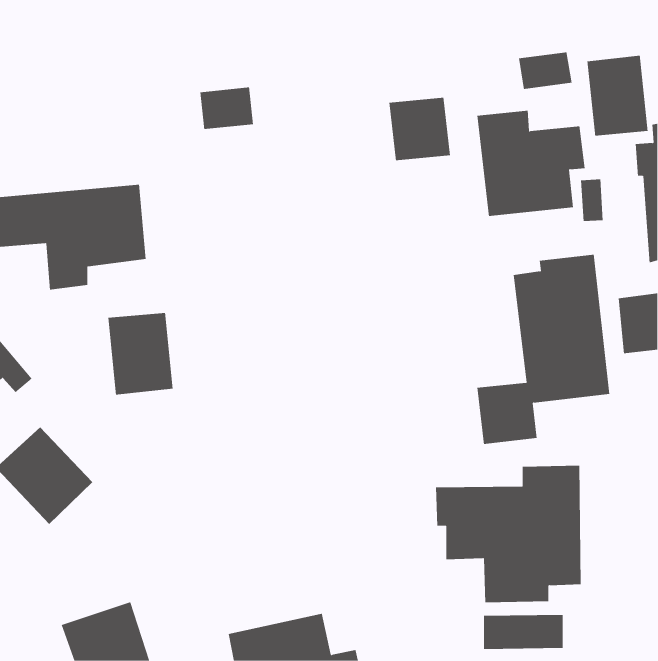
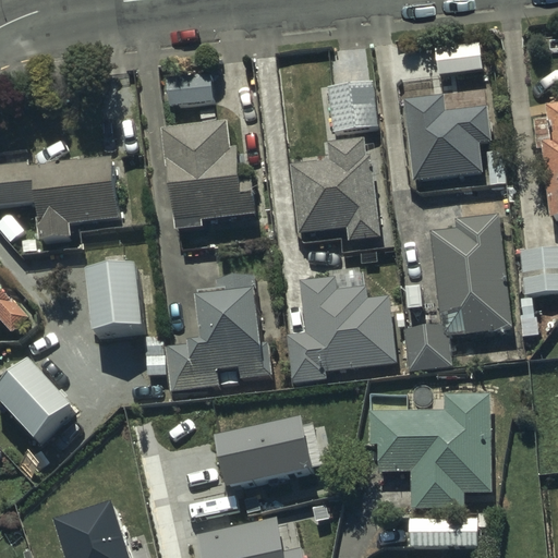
building: [587,55,648,136] -> none
building: none -> [161,120,258,233]
building: none -> [291,138,380,241]
building: none -> [162,272,269,388]
building: none -> [282,276,393,384]
building: none -> [213,417,314,490]

